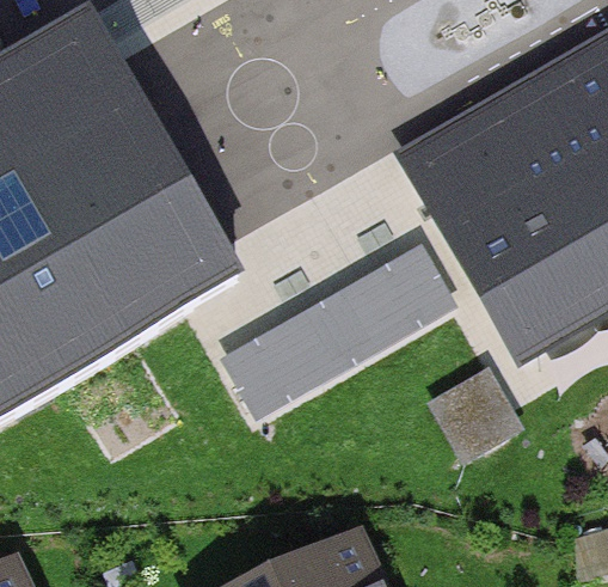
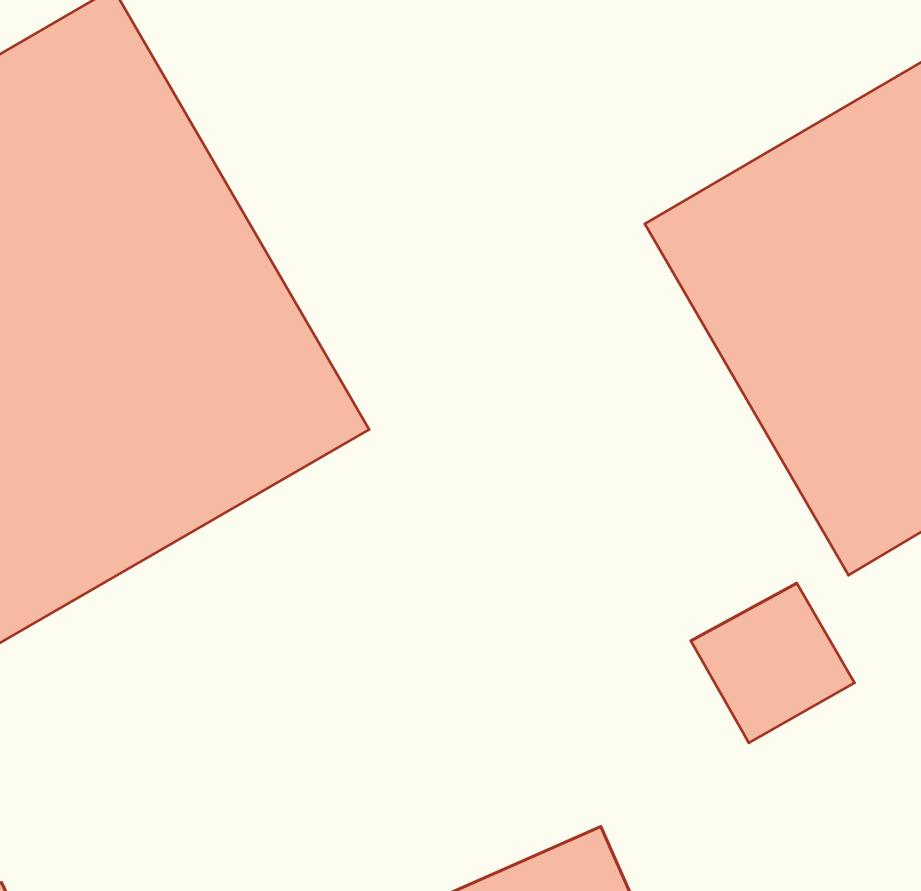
building: [220,246,457,422] -> none

